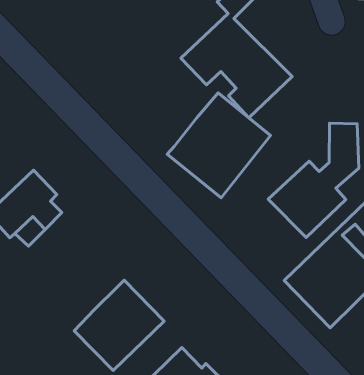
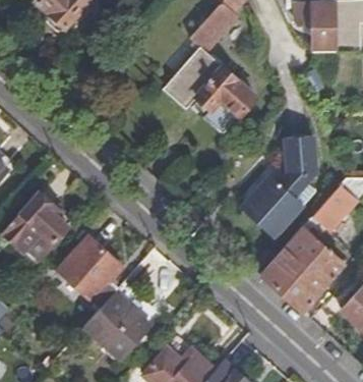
building: [167,93,270,198] -> none
building: none -> [57,236,123,309]

